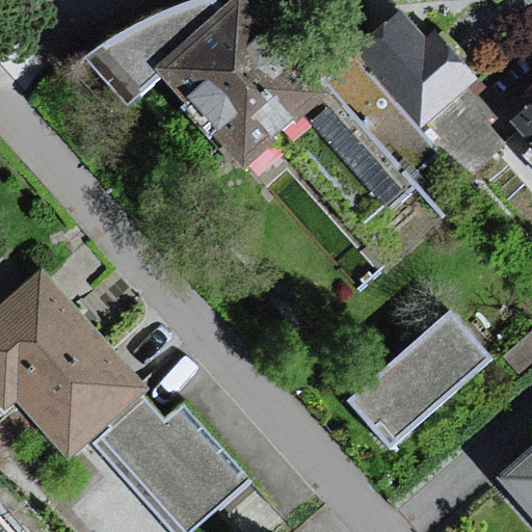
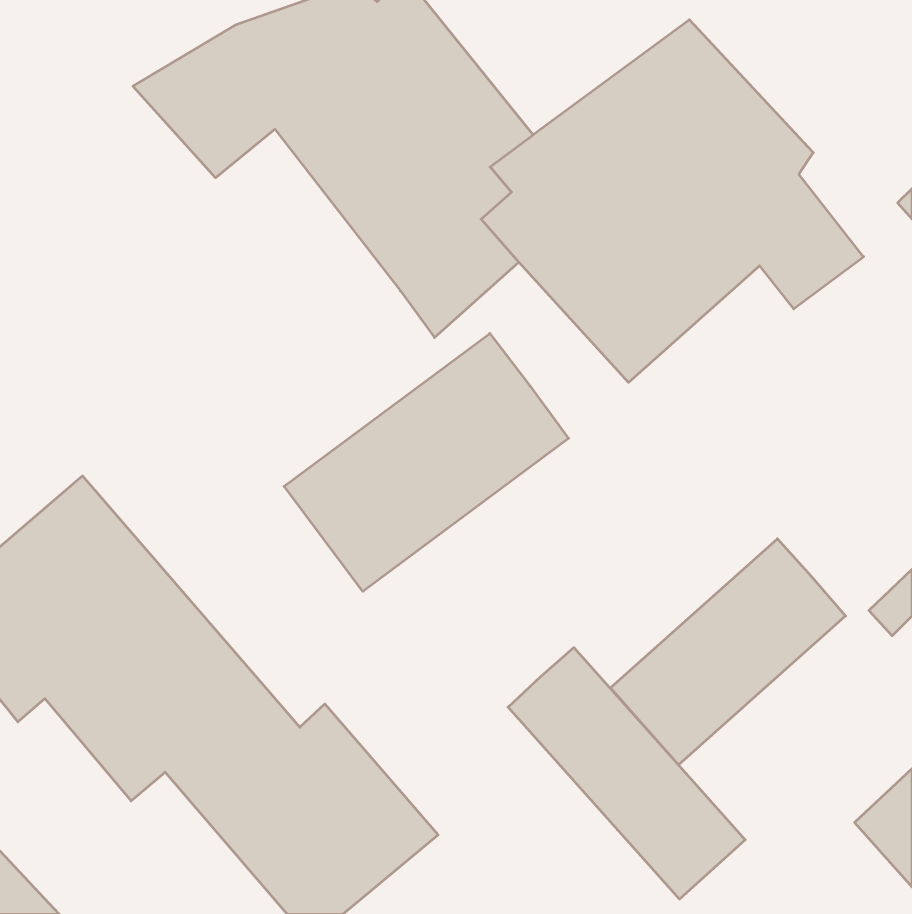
building: none -> [284,333,569,591]
building: none -> [508,648,745,899]

